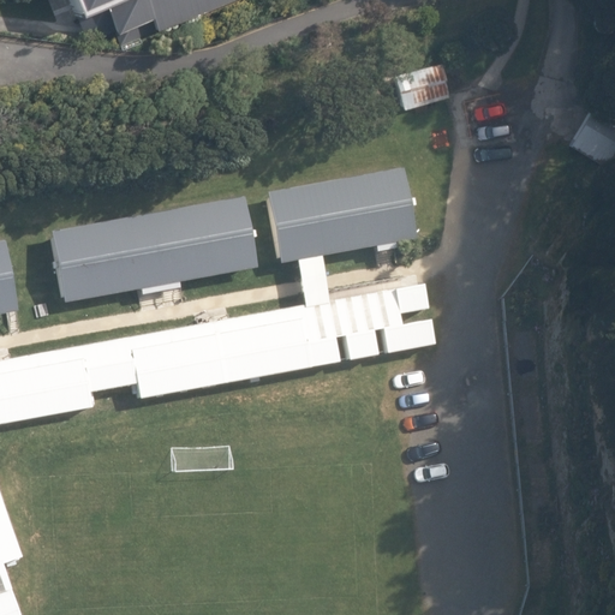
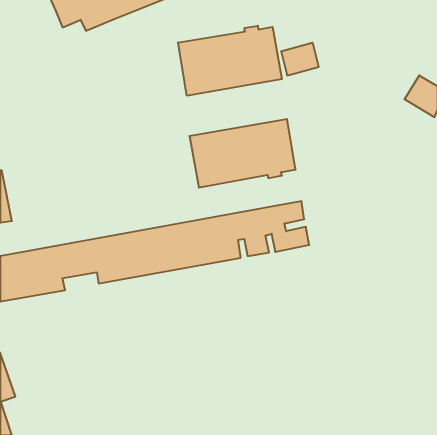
building: none -> [178,26,282,96]
building: [50,196,257,301] -> none

